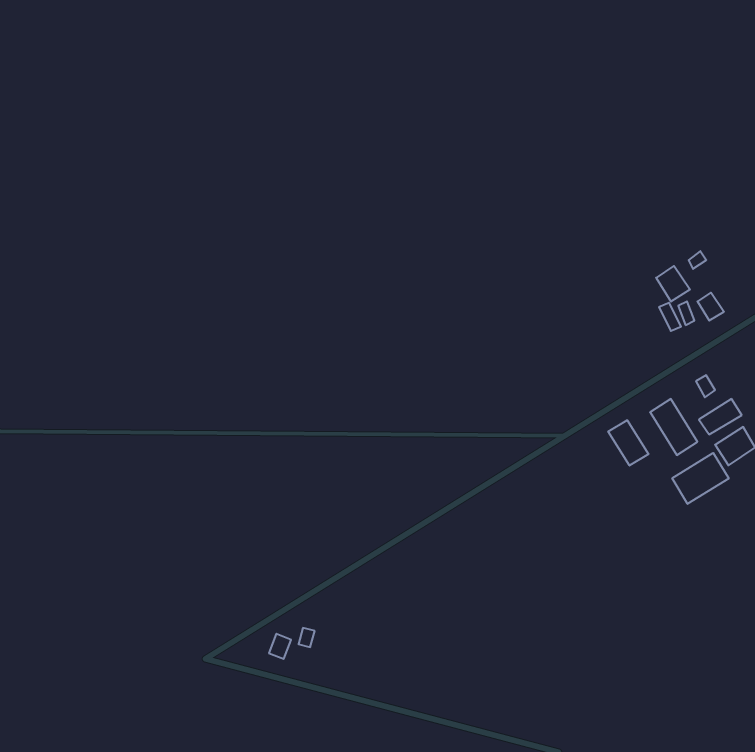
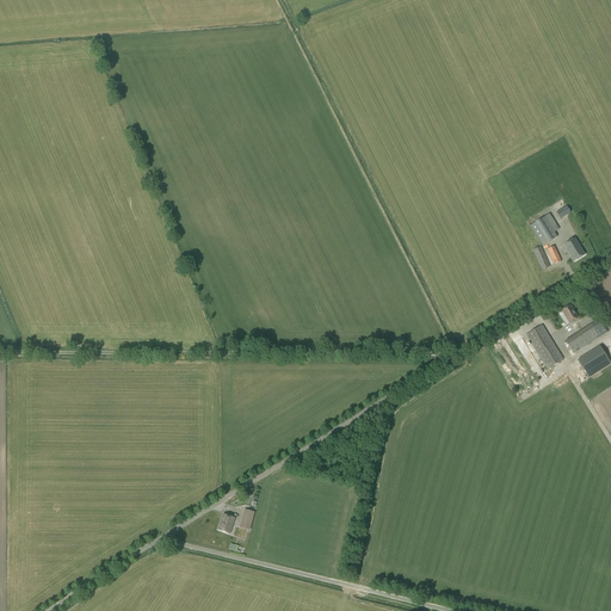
building: [608,420,648,466] -> none
building: [672,453,729,504] -> none

